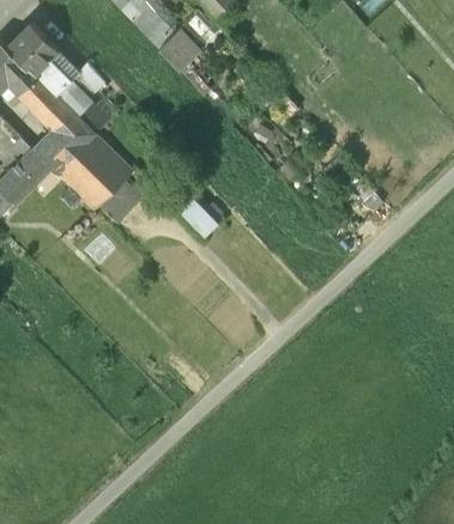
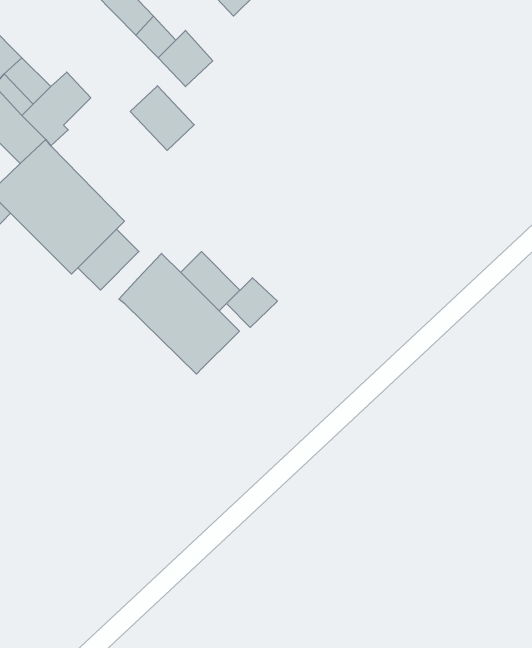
building: none -> [130,86,194,150]
building: none -> [119,253,239,374]
building: none -> [226,278,277,327]

